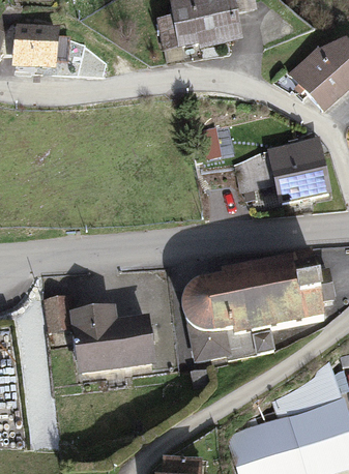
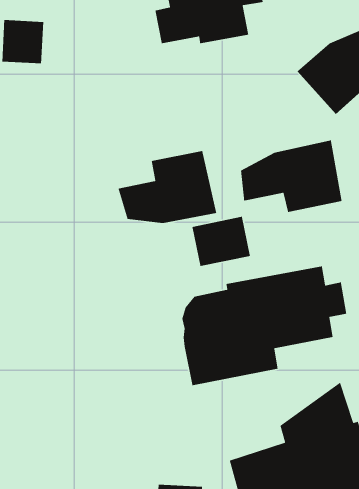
building: none -> [117,150,217,224]
building: none -> [191,216,251,267]
building: [43,296,155,373] -> none

